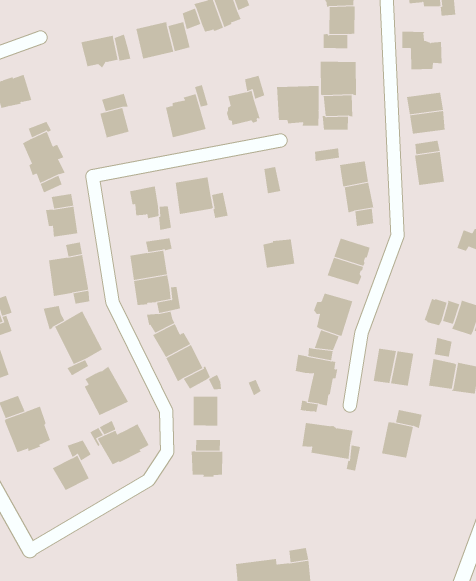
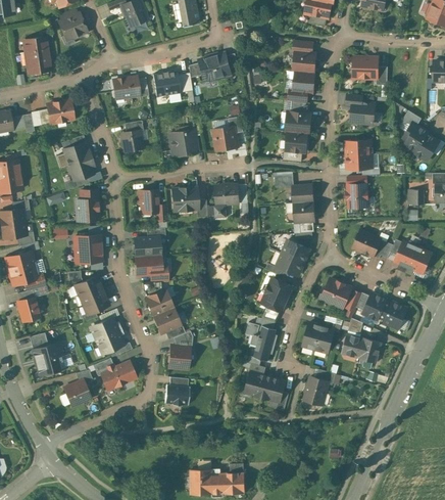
building: [277,85,319,126] -> none
building: none -> [352,231,379,256]
building: [263,239,295,268] -> [215,185,238,204]
building: none -> [320,279,351,306]

